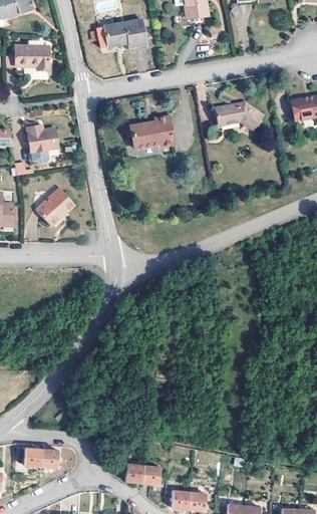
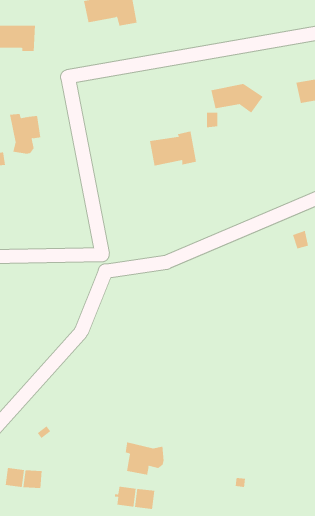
building: [127,113,171,146] -> [149,131,197,166]
building: [37,188,77,227] -> none
building: none -> [125,441,164,476]

